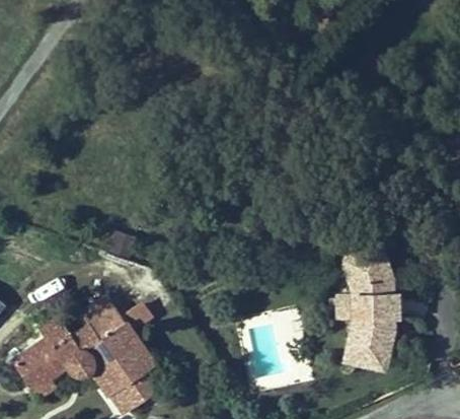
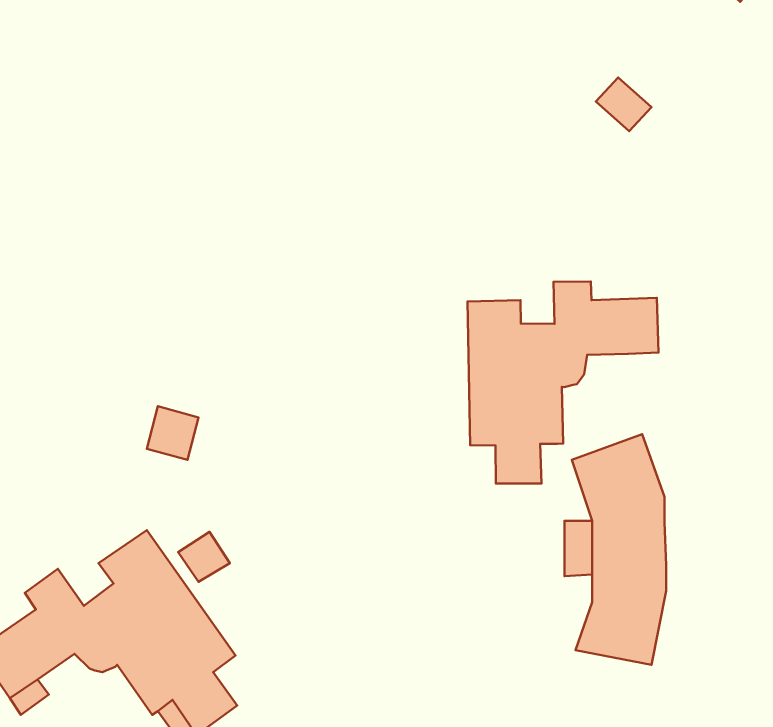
building: none -> [468,281,658,484]

